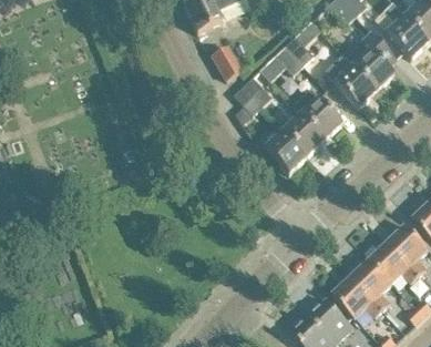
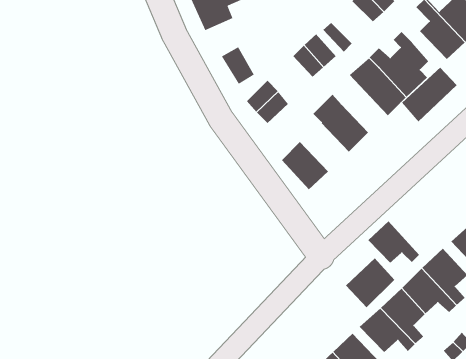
building: none -> [401,67,457,122]
building: [281,114,325,157] -> none
building: none -> [367,220,420,263]
building: none -> [345,258,395,308]

